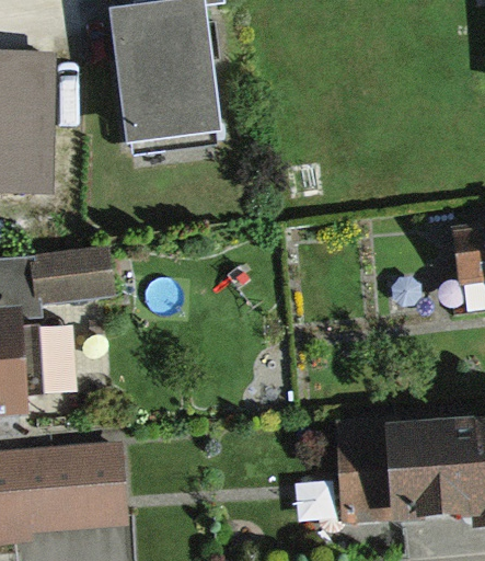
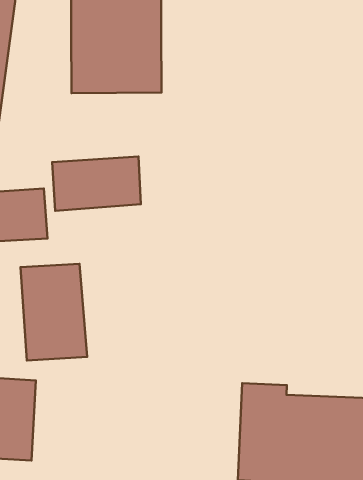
building: none -> [52,156,141,211]
building: none -> [21,264,87,360]

